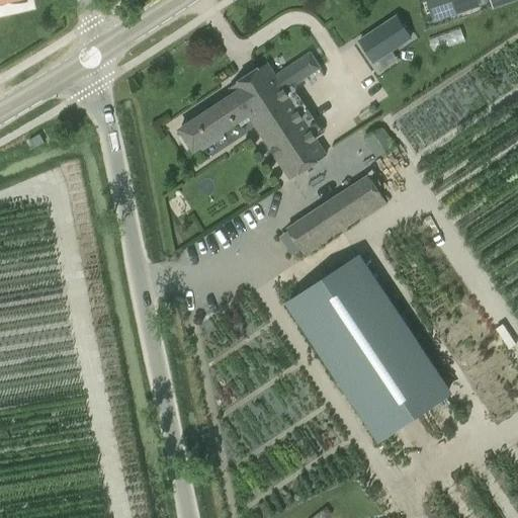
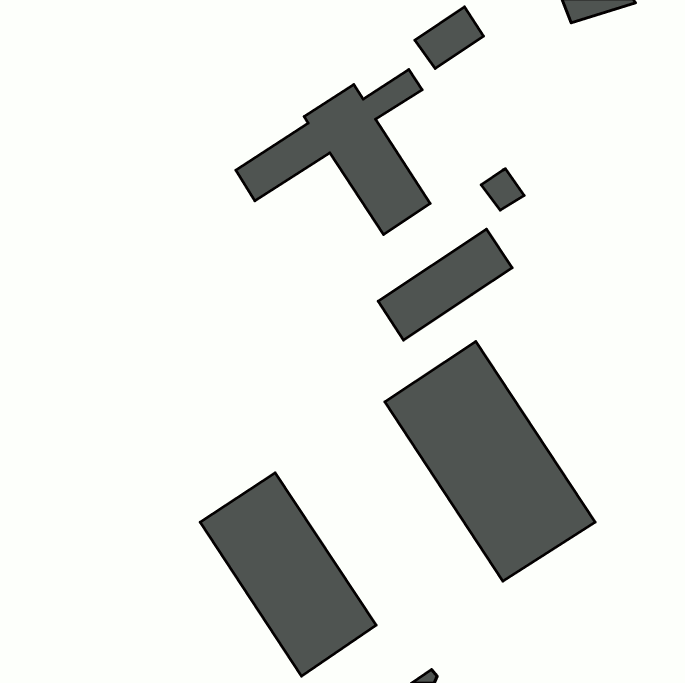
building: [359,15,411,62] -> [415,7,483,68]
building: none -> [200,473,376,676]

